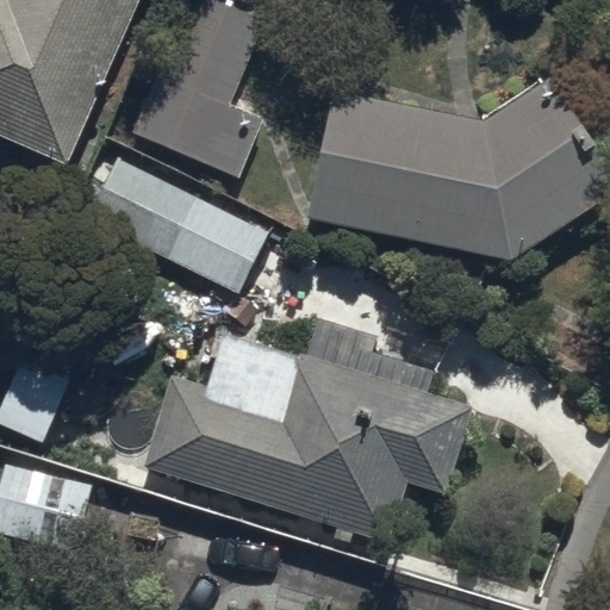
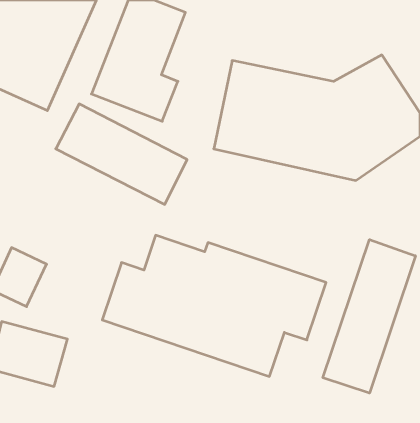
building: none -> [323,240,415,393]

